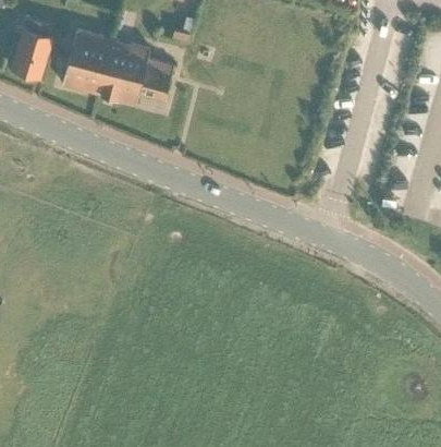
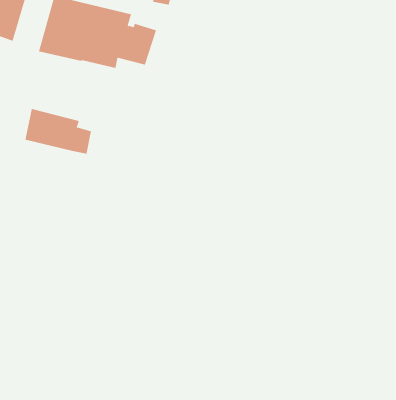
building: none -> [25,108,91,154]

